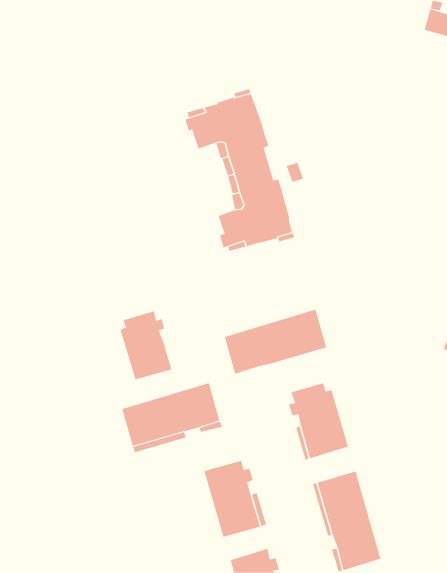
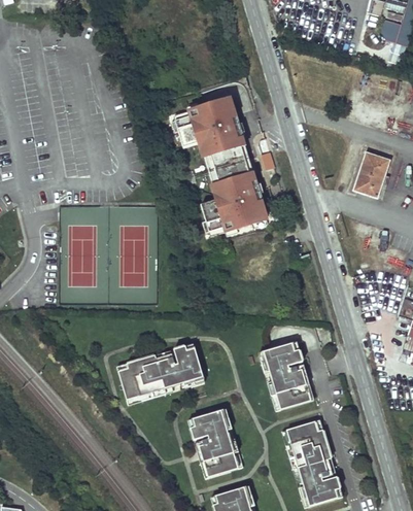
building: none -> [354,151,389,196]
building: [224,309,327,375] -> none
building: [120,310,172,380] -> none

